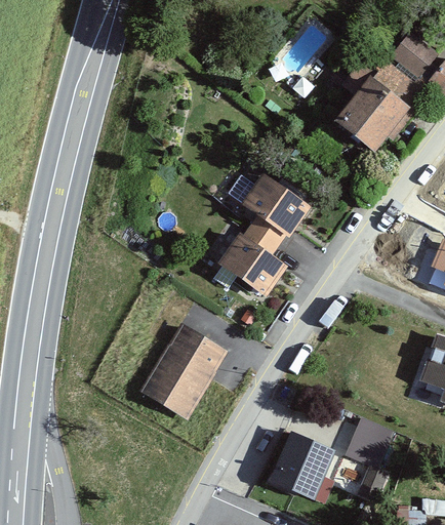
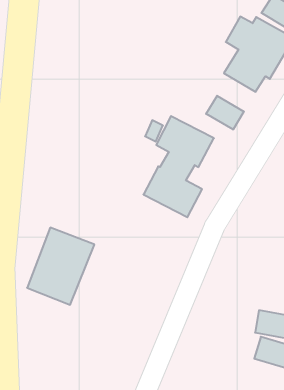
building: none -> [206,96,244,130]
building: [138,320,228,417] -> [27,228,94,305]
building: [271,433,332,498] -> none

